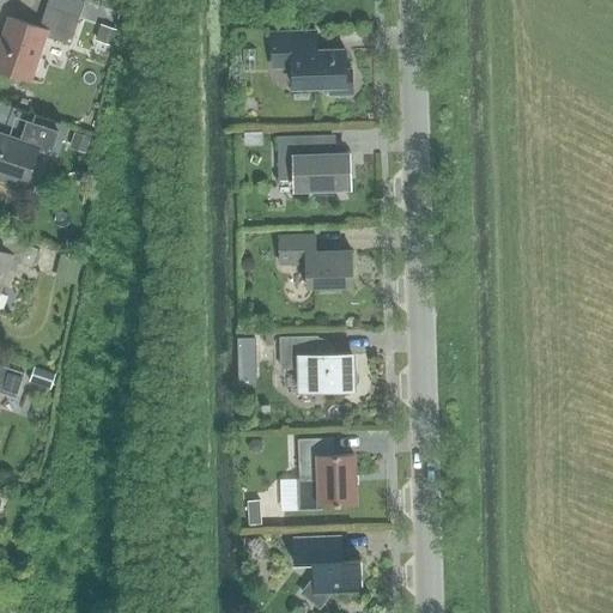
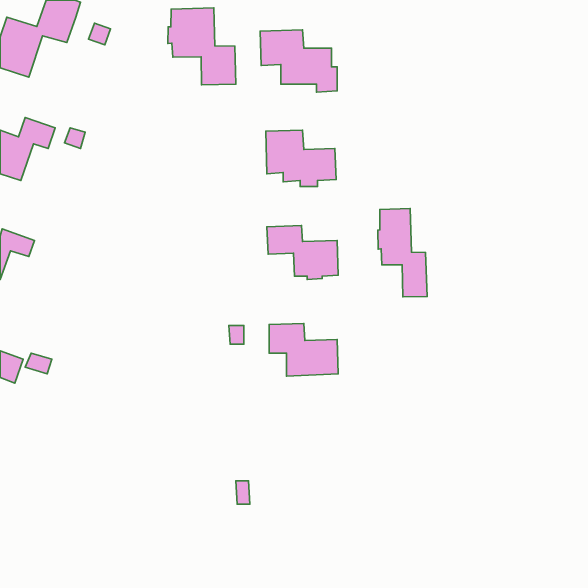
building: none -> [168,8,236,85]
building: none -> [378,208,427,297]
building: [296,438,358,511] -> none
building: [292,536,362,607] -> none

